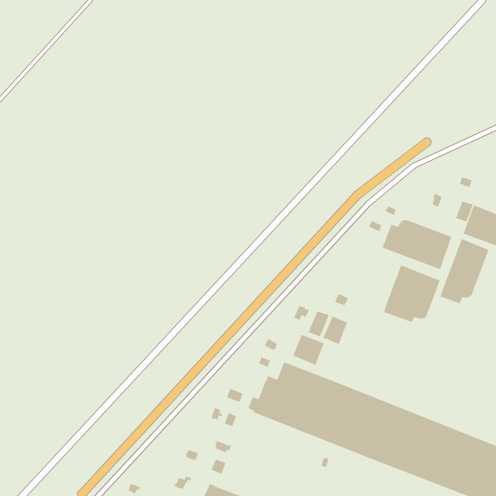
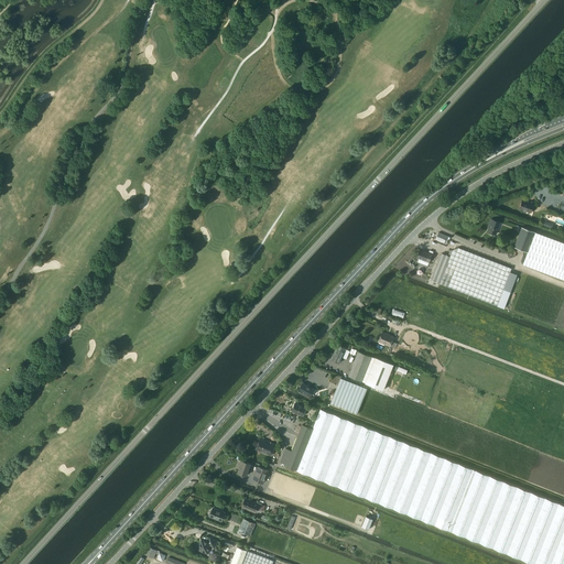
building: [440,238,489,304] -> none
building: [384,265,440,323] -> none

